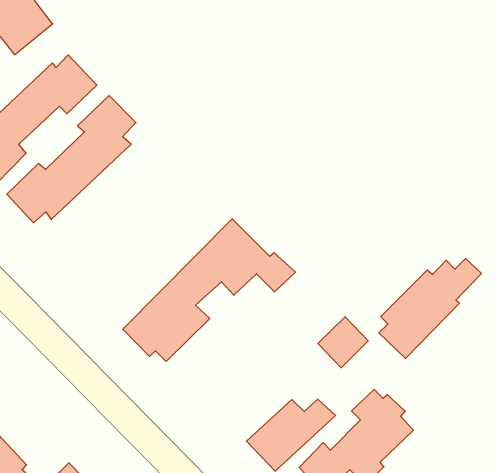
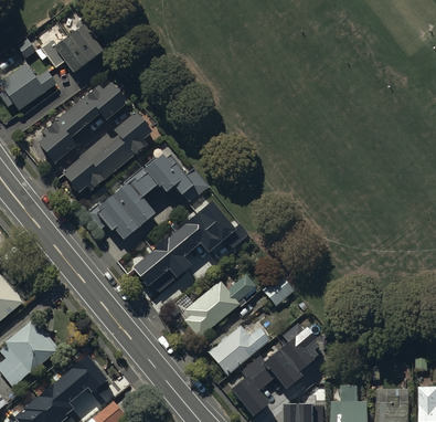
building: none -> [87,152,209,239]
building: [379,259,481,358] -> [182,273,255,337]

